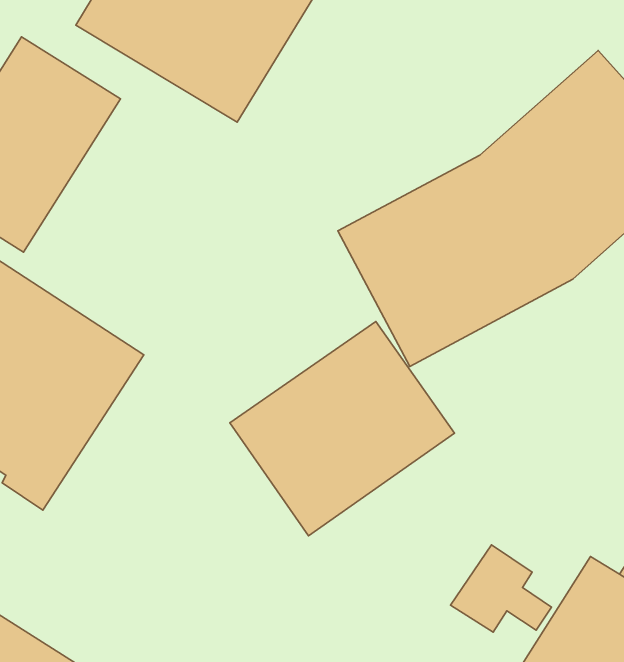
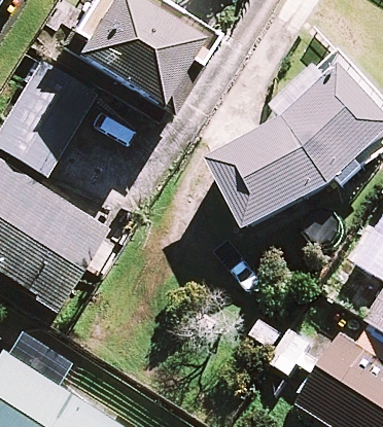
building: [230,322,454,536] -> none

